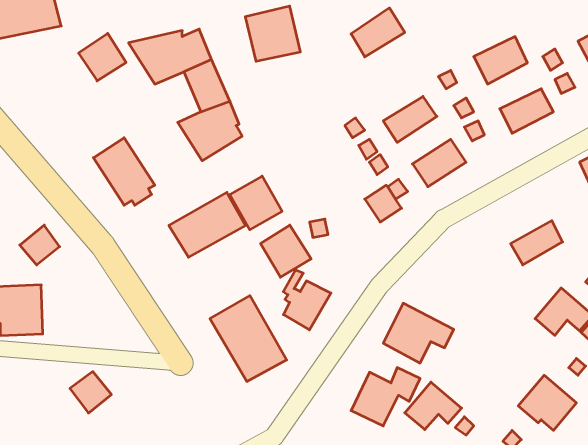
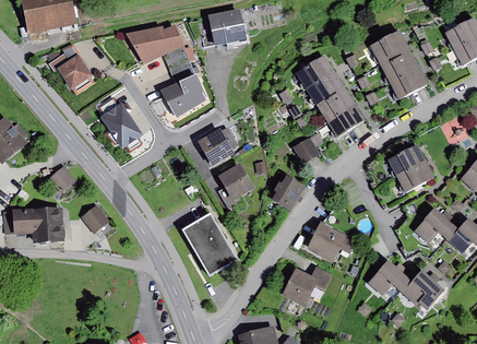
building: [351,8,405,57] -> [297,56,335,91]
building: [79,33,126,81] -> [56,56,90,90]
building: none -> [381,49,419,82]
building: none -> [317,87,355,121]
building: [169,192,246,257] -> none
building: none -> [387,145,427,178]
building: [283,270,331,330] -> [271,170,305,213]
building: [70,372,111,413] -> [80,204,109,234]
building: [405,382,462,430] -> [369,262,409,296]

